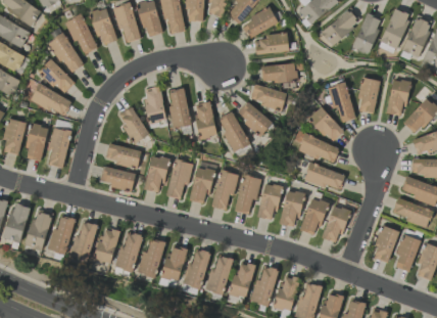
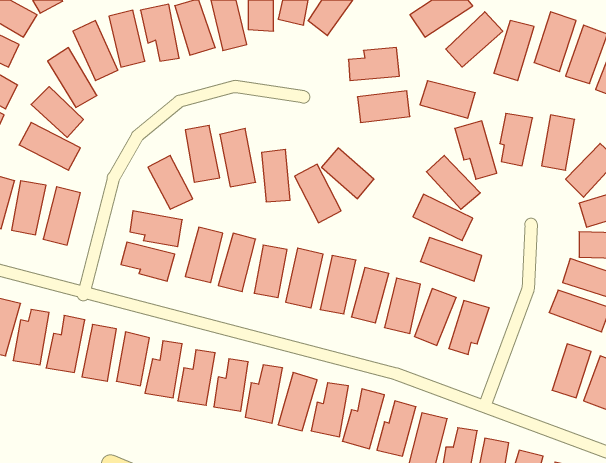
building: [241,8,278,39] -> none
building: [249,85,287,110] -> [420,81,475,118]
building: [373,226,397,263] -> none

